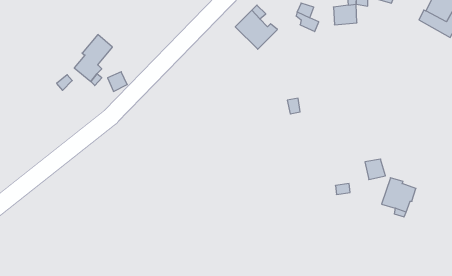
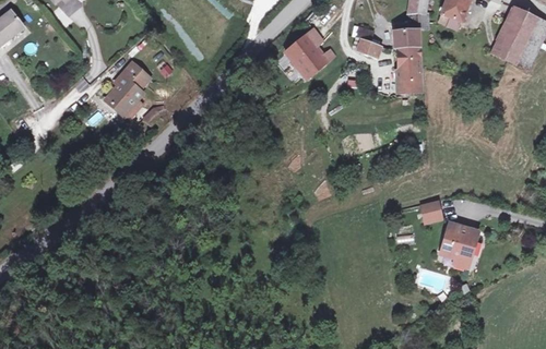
building: none -> [394,49,422,93]

